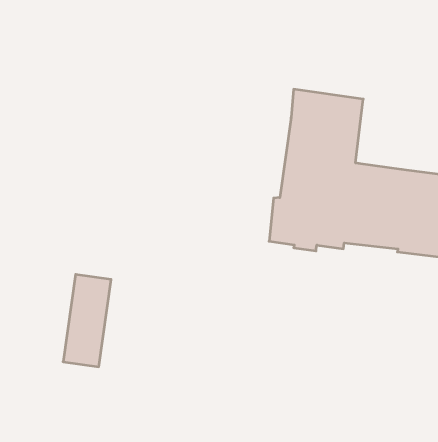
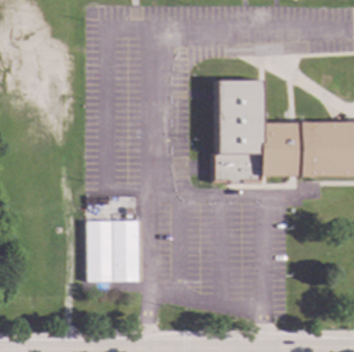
building: none -> [112,222,138,281]

